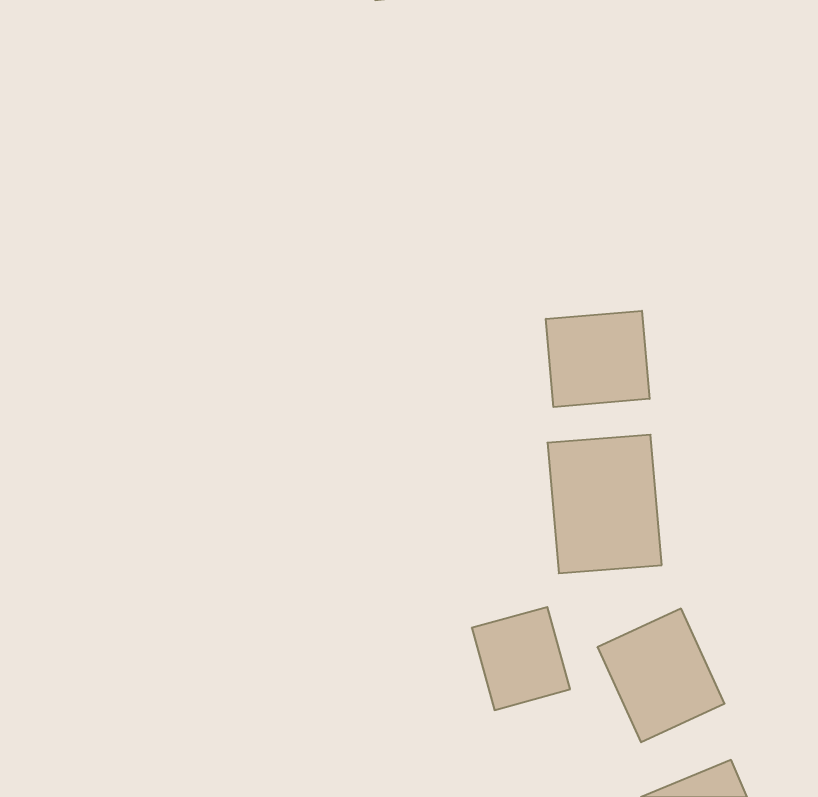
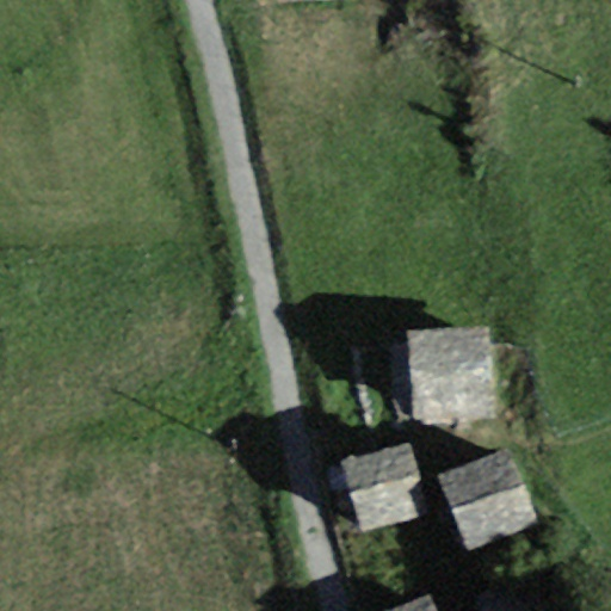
building: [546,311,650,407] -> none

